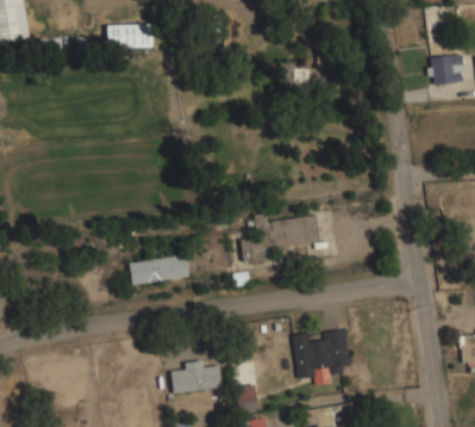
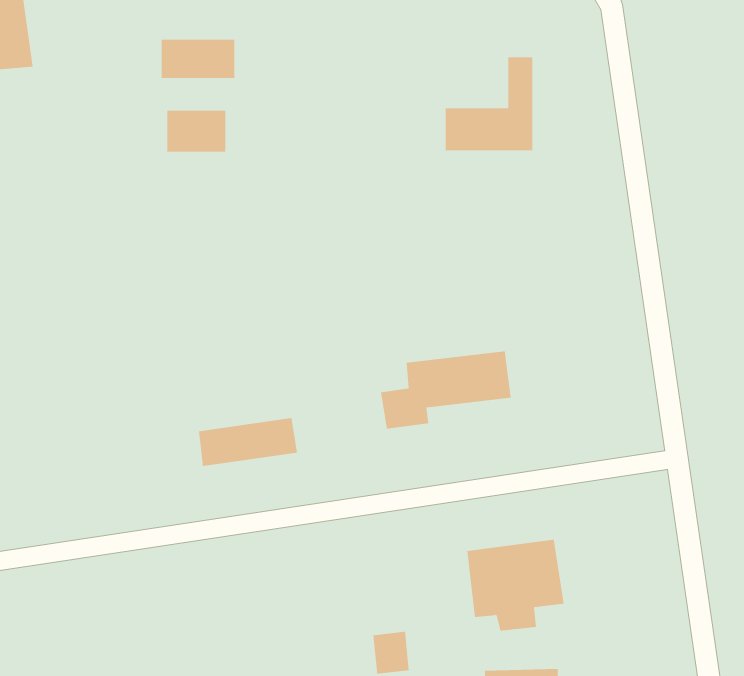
building: [429,56,455,83] -> none
building: none -> [167,110,226,152]
building: [171,363,220,391] -> none

